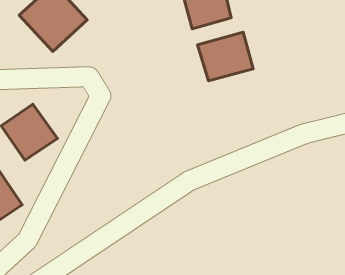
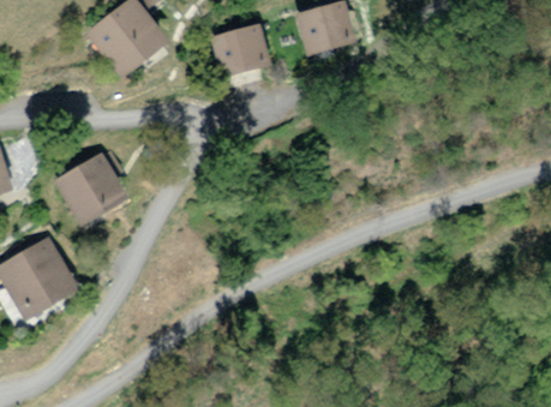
building: none -> [208,20,274,78]
building: [198,32,253,81] -> none

